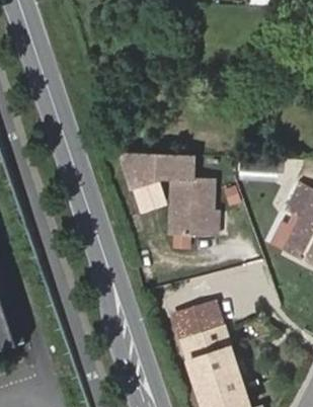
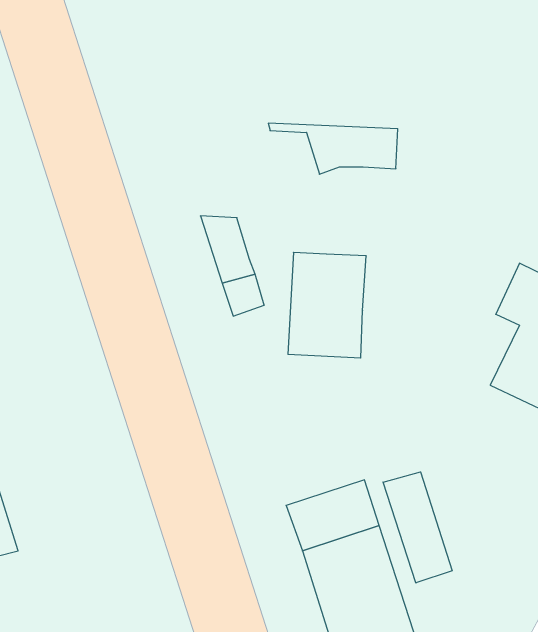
building: [121,151,192,179] -> [268,123,398,174]
building: none -> [383,472,452,583]

